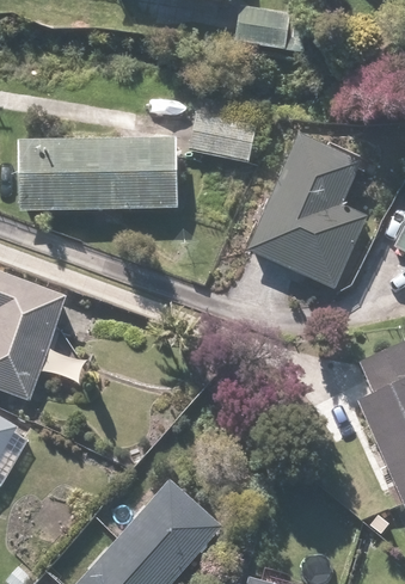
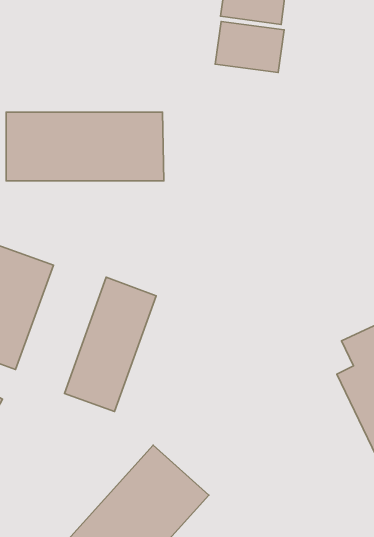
building: [190,113,259,165] -> [215,21,284,72]
building: [246,133,367,289] -> none
building: none -> [64,277,156,411]

